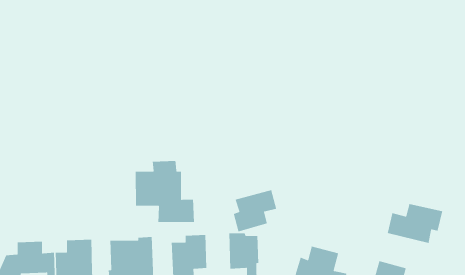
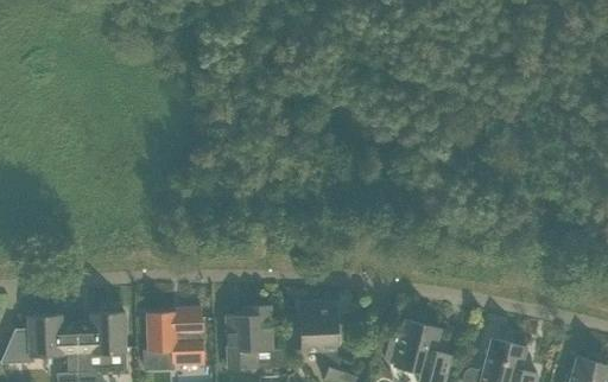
building: [135,160,195,223] -> none
building: [233,189,277,232] -> none
building: [387,203,443,244] -> none

